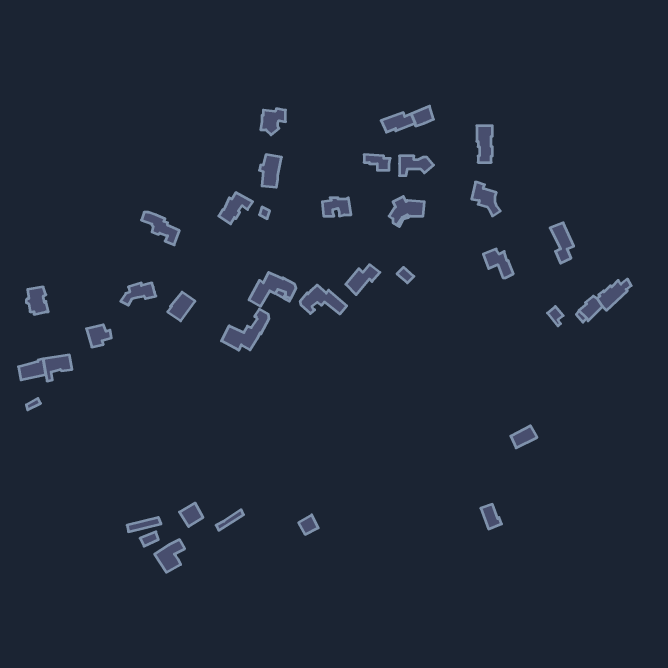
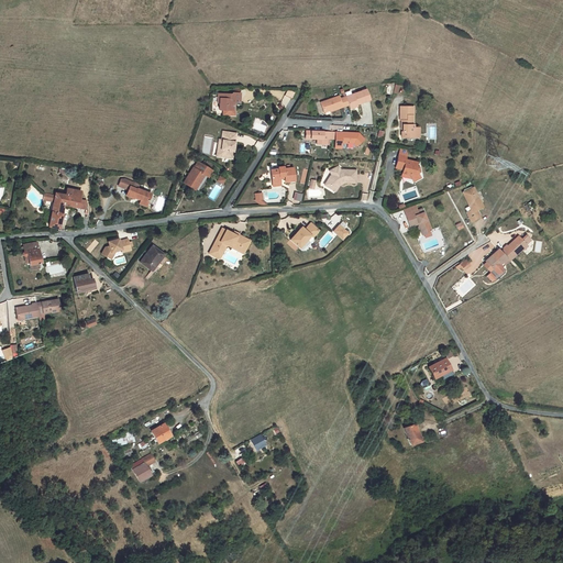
building: none -> [49,187,82,228]
building: [300,285,347,314] -> none
building: [221,309,269,350] -> none

